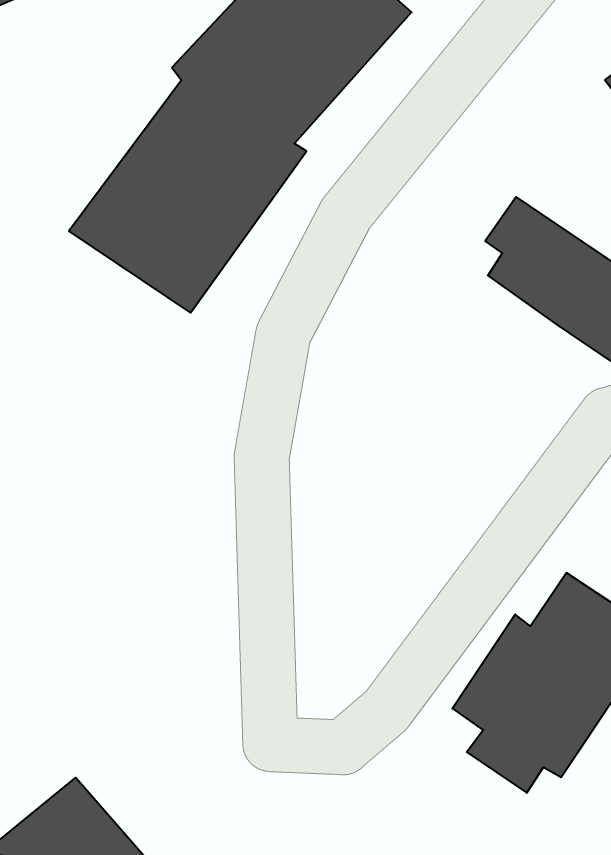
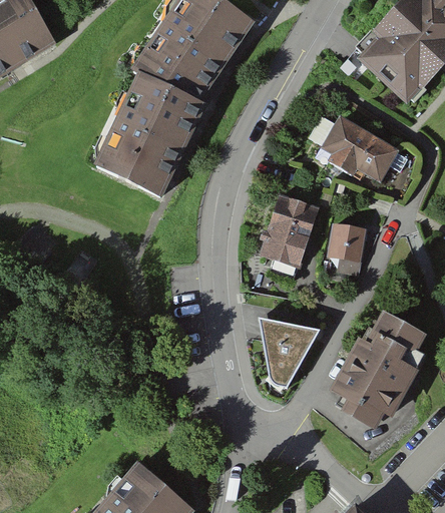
building: none -> [252,206,309,275]
building: none -> [323,229,359,272]
building: none -> [260,316,319,386]

